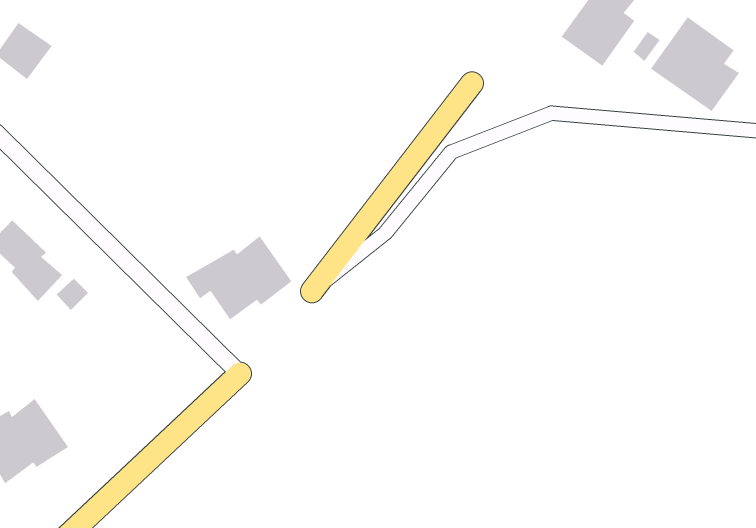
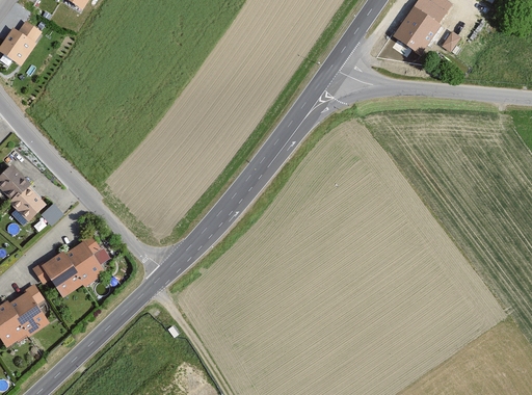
building: [650,16,740,112] -> none
building: [185,235,293,320] -> [31,238,106,297]

